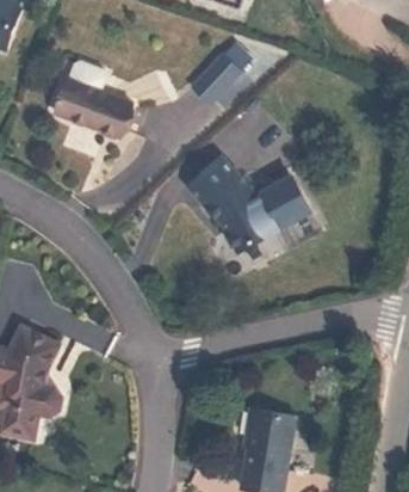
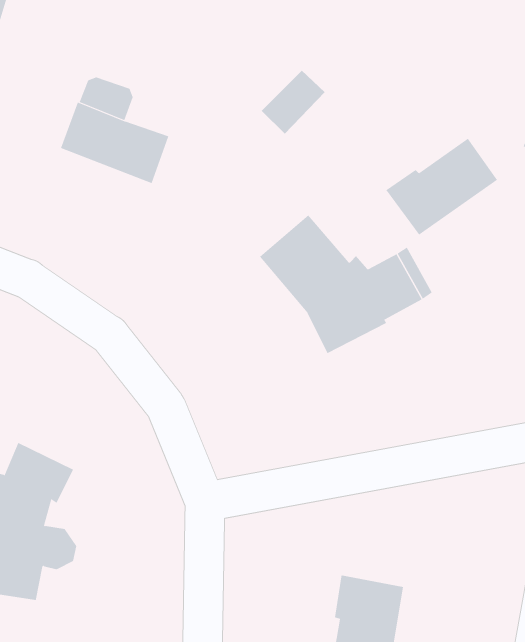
building: none -> [386,138,498,235]

